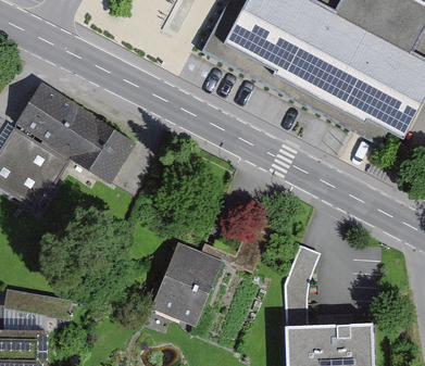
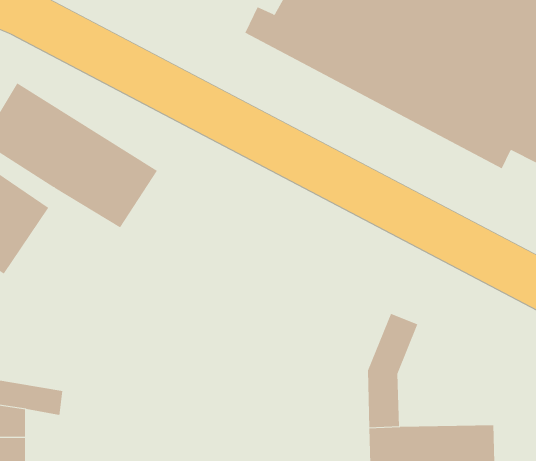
building: [157,245,225,329] -> none

